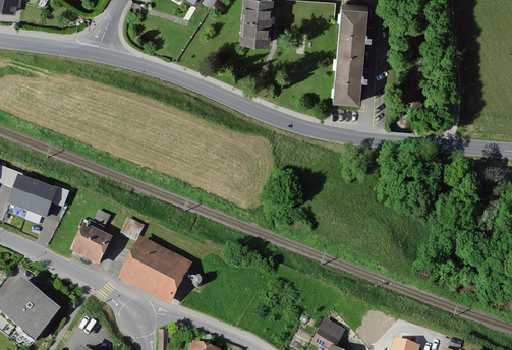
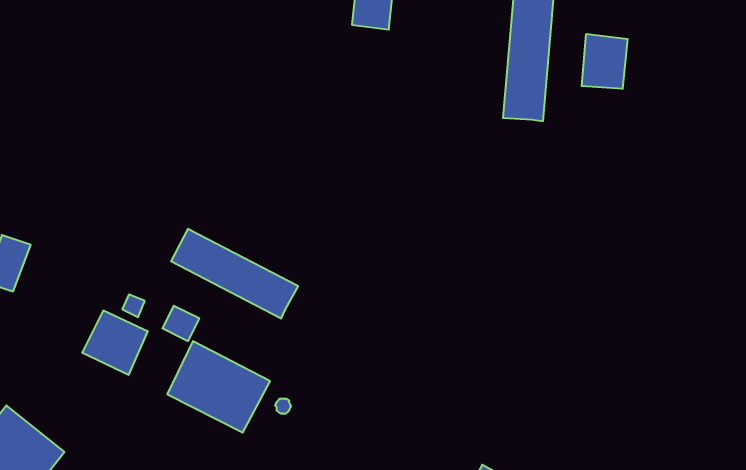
building: none -> [582,34,628,89]
building: none -> [171,229,298,319]
building: [25,180,57,218] -> none

